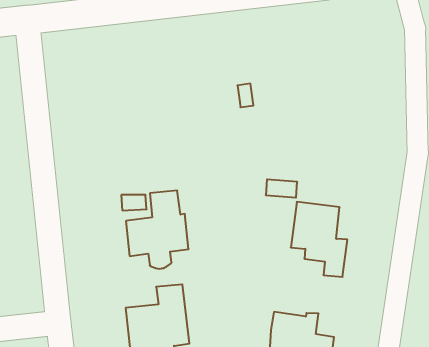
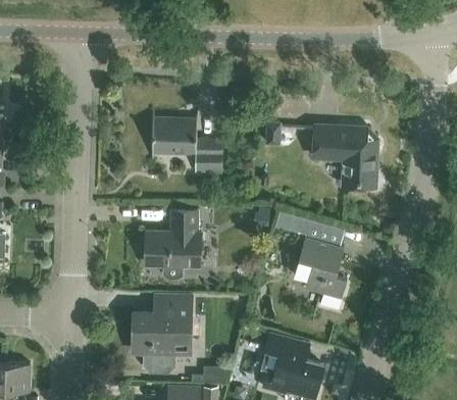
building: none -> [311,124,376,188]
building: none -> [150,119,221,173]

